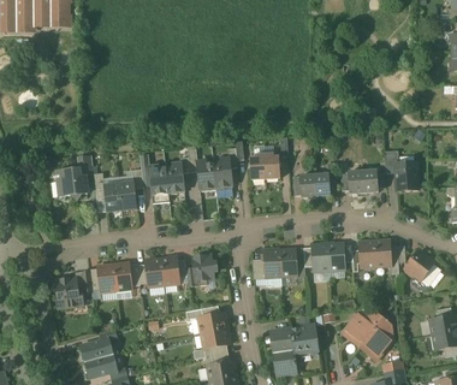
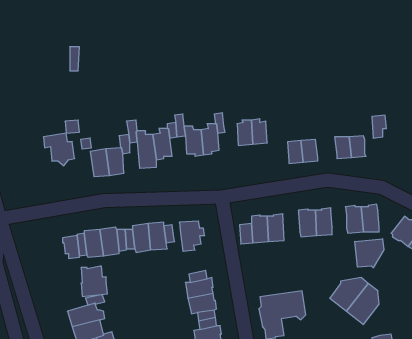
building: [396,161,419,189] -> none
building: none -> [355,239,384,268]
building: [57,277,83,307] -> [81,266,107,296]

